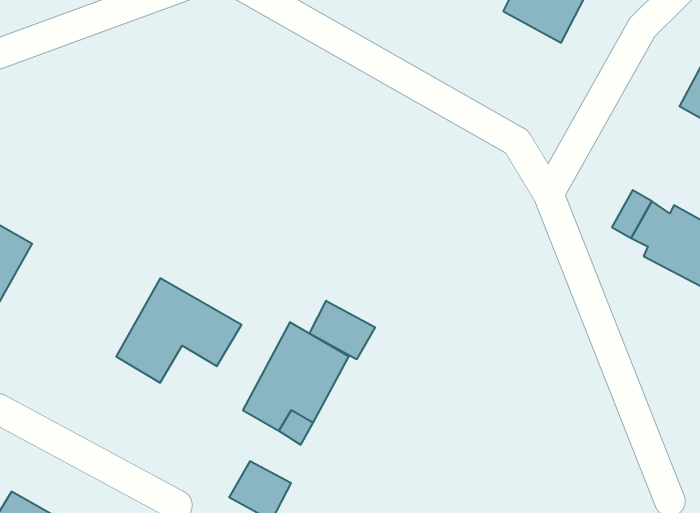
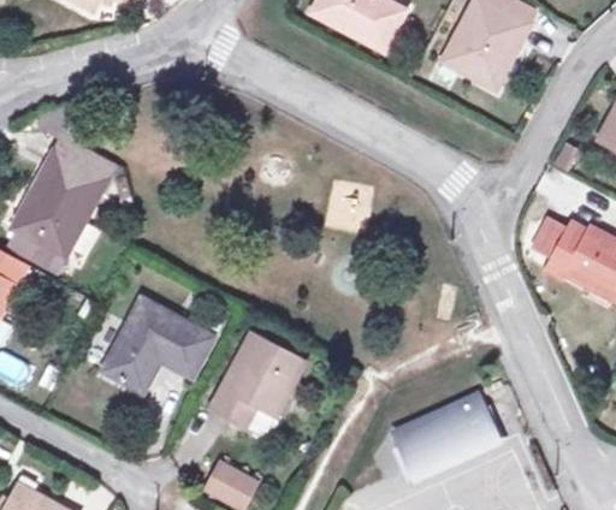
building: none -> [19,142,113,256]
building: [310,301,375,359] -> none
building: none -> [390,402,493,480]

